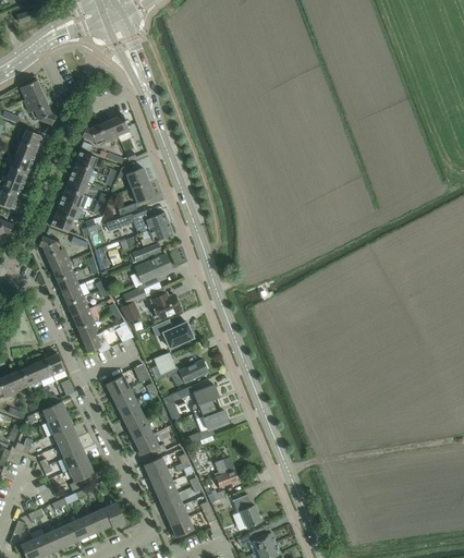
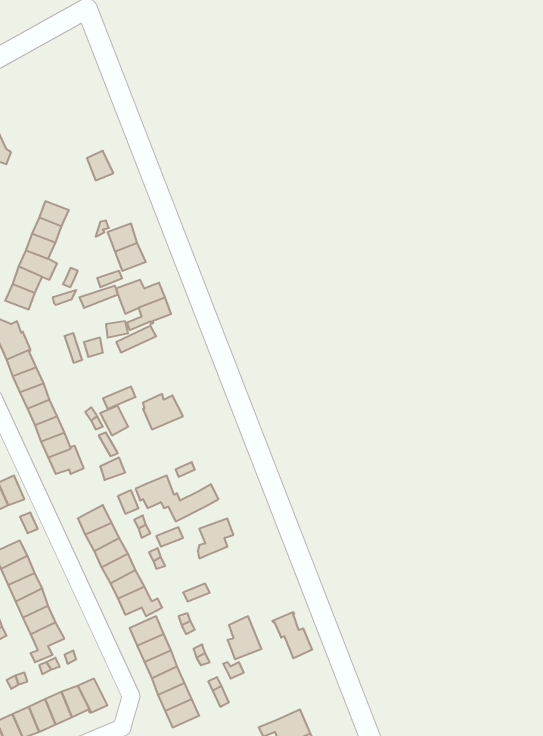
building: [82,120,119,146] -> none
building: [137,254,173,288] -> none
building: [151,319,195,348] -> none
building: [194,405,229,429] -> none
building: [232,494,261,527] -> [272,612,312,658]

